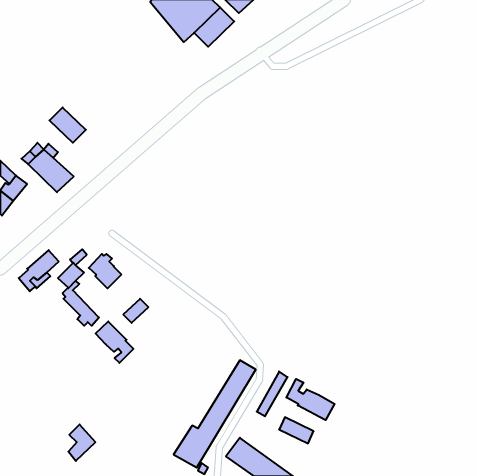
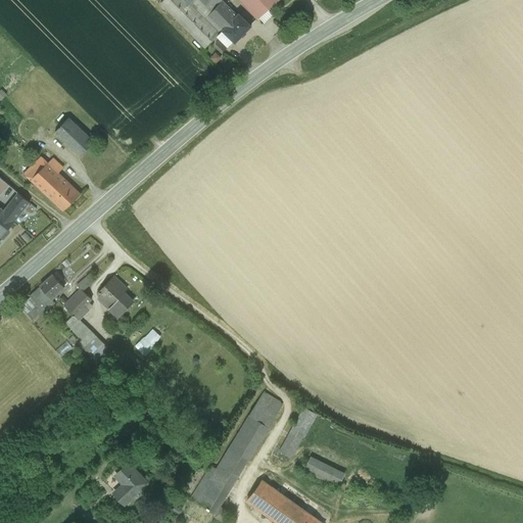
building: [96,321,133,363] -> none
building: [286,379,335,420] -> none
building: [68,424,95,461] -> [115,463,145,503]

